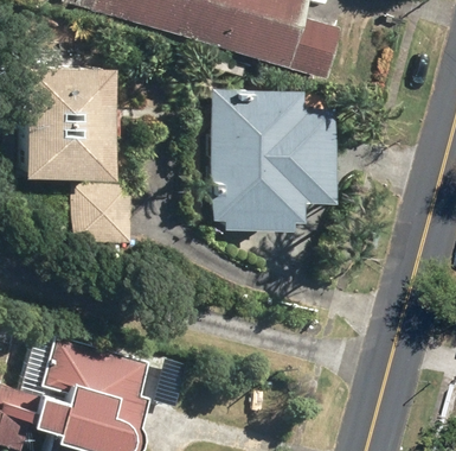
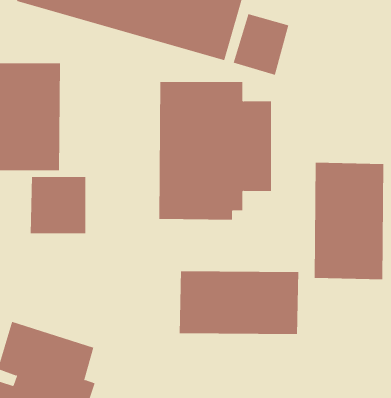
building: none -> [314,162,384,280]
building: none -> [179,270,299,335]

